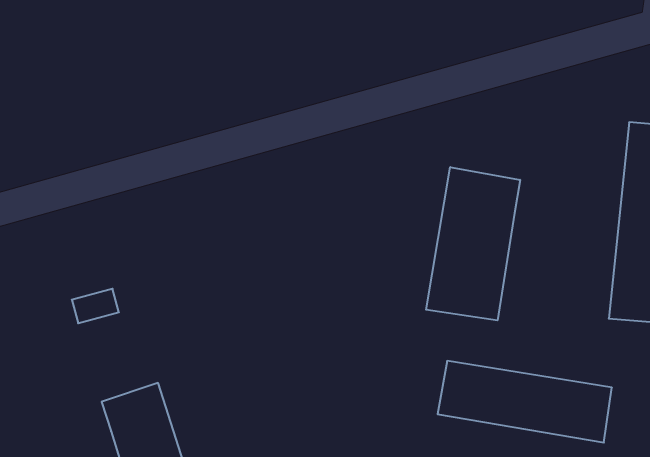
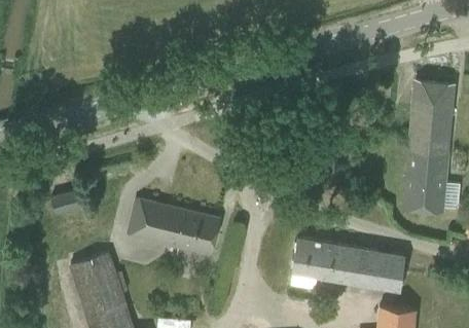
building: [426,167,520,320] -> none
building: none -> [128,199,220,254]

